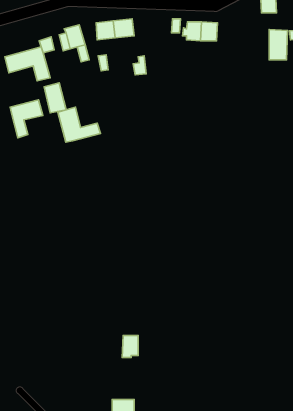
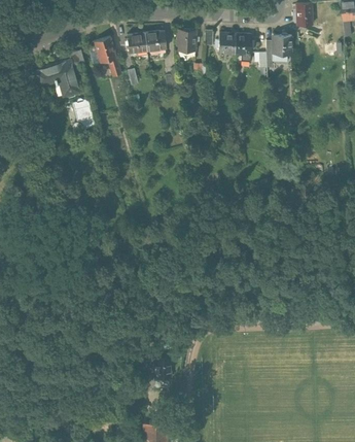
building: none -> [176,31,197,53]
building: [269,30,287,60] -> [273,36,291,67]
building: [10,100,43,138] -> none
building: [58,107,101,142] -> none

